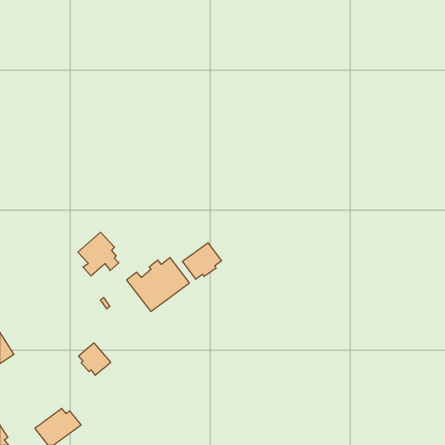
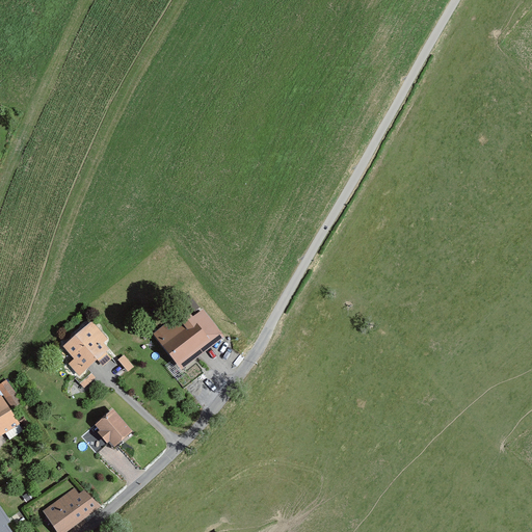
building: [78,232,119,276] -> [63,321,112,373]
building: [182,243,221,279] -> none

